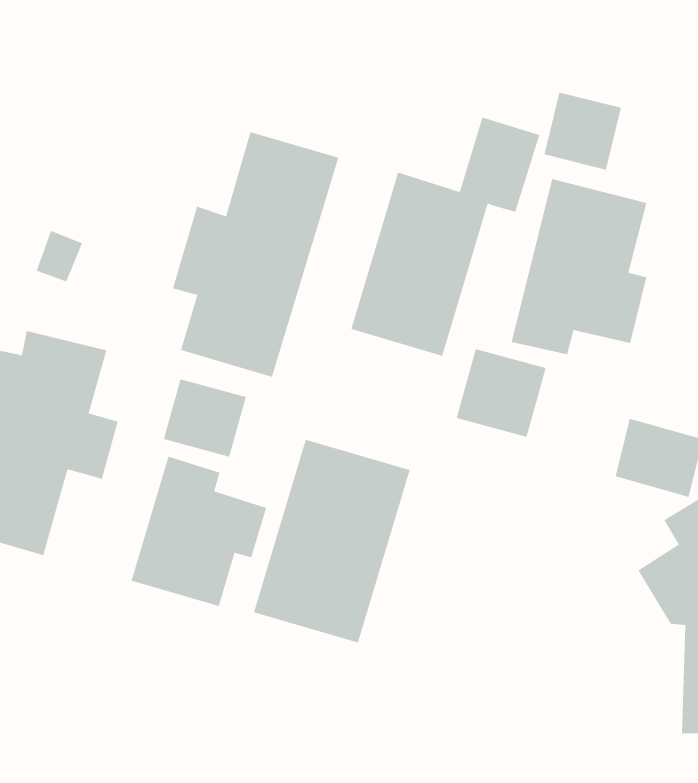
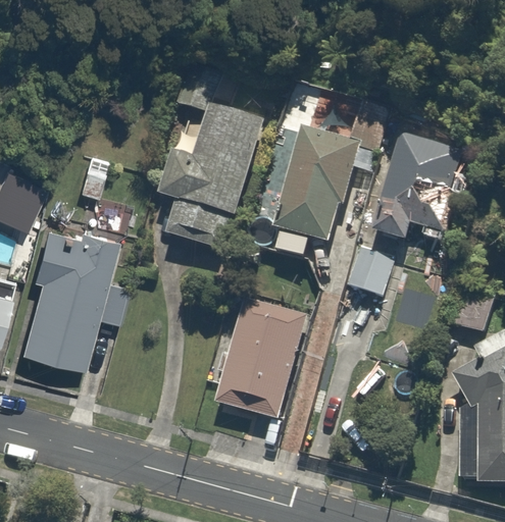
building: [544,92,622,170] -> none
building: [163,378,246,458] -> none
building: [131,456,267,607] -> none

